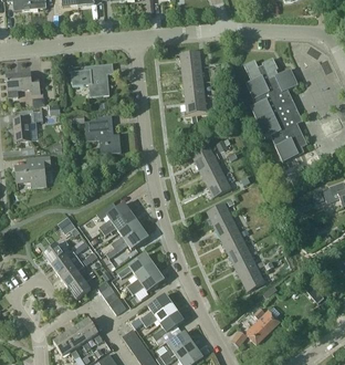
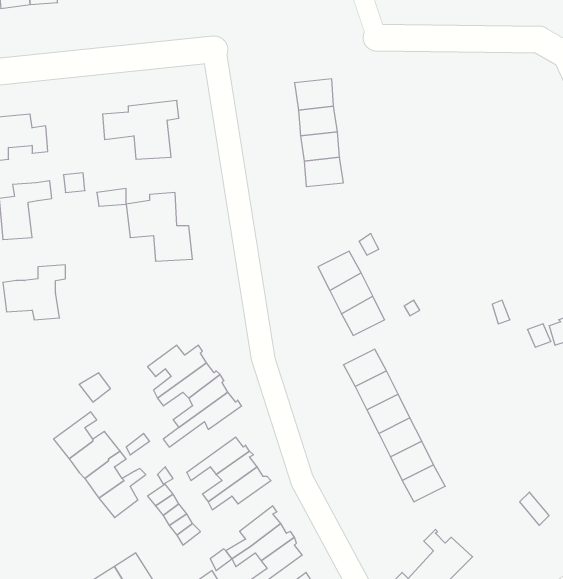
building: [243,58,306,161] -> none

